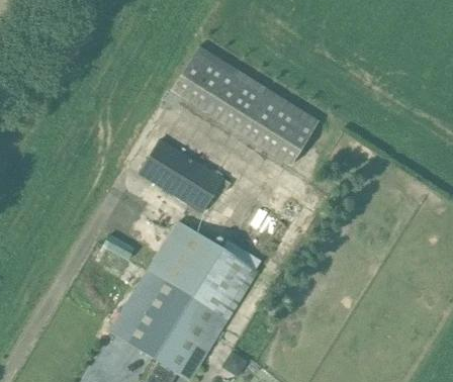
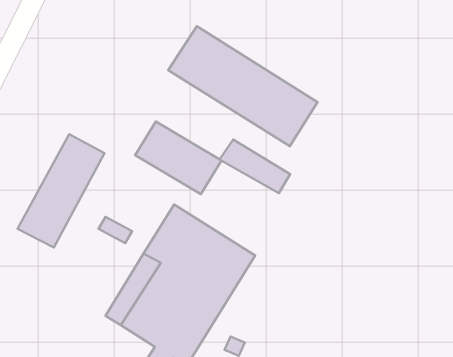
building: none -> [17,134,105,247]
building: none -> [220,139,290,193]

